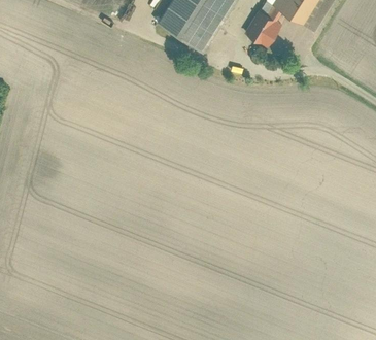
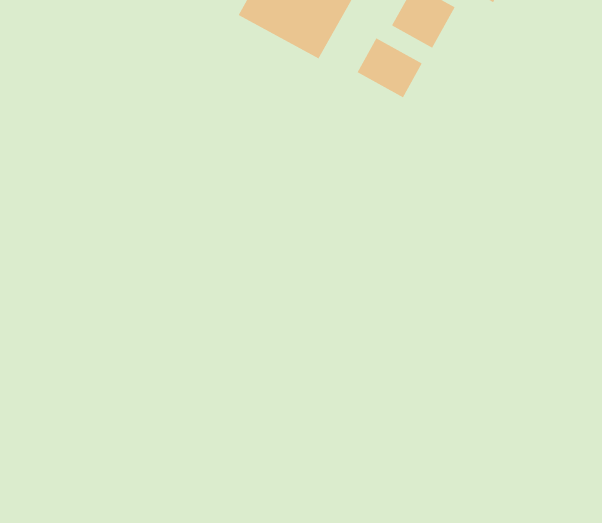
building: none -> [357,38,423,98]

